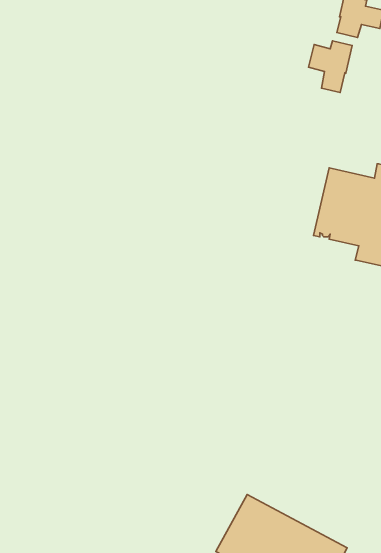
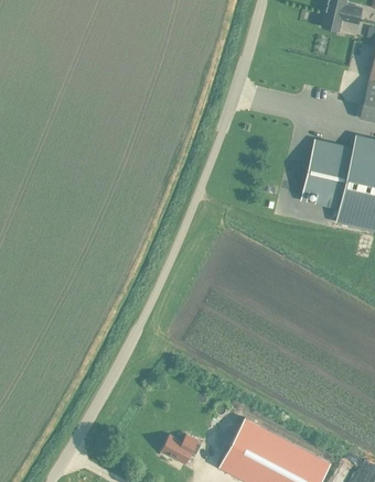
building: [308,41,352,92] -> none
building: none -> [162,437,194,464]

